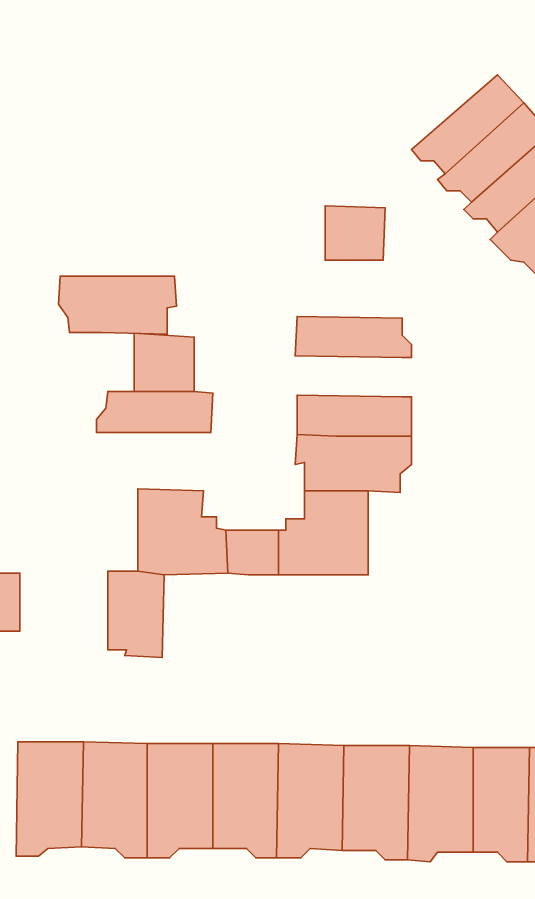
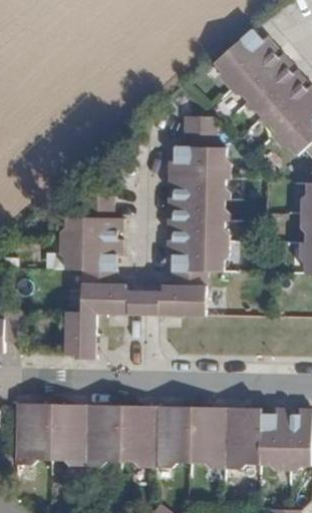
building: none -> [212,27,274,87]
building: none -> [167,146,229,177]
building: [58,276,176,334] -> [58,238,121,270]
building: none -> [166,197,228,219]

